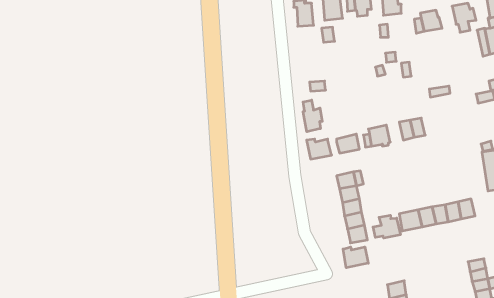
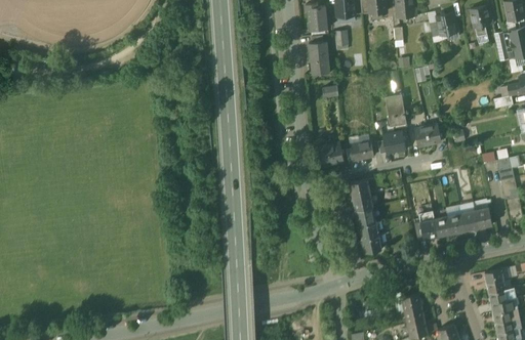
building: none -> [309,41,329,74]
building: none -> [385,94,406,127]
building: [303,100,322,132] -> none
building: [373,215,400,238] -> none
building: [343,247,368,268] -> none

